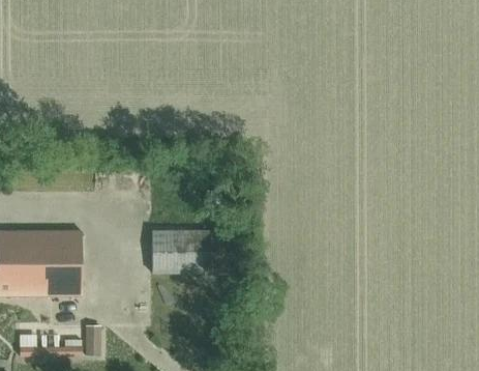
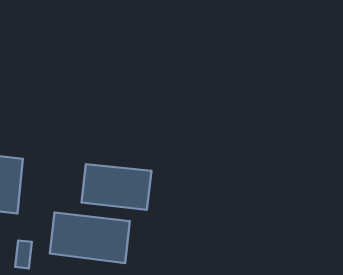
building: none -> [50,213,130,263]

